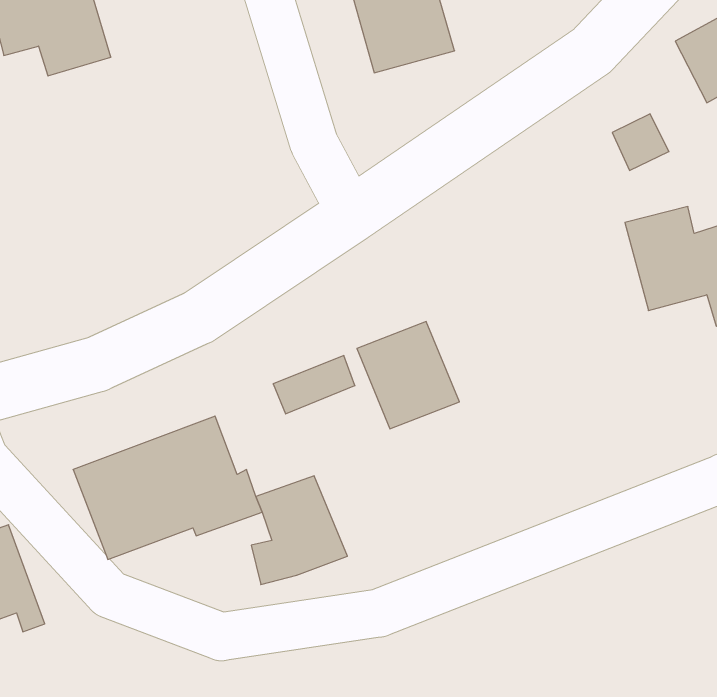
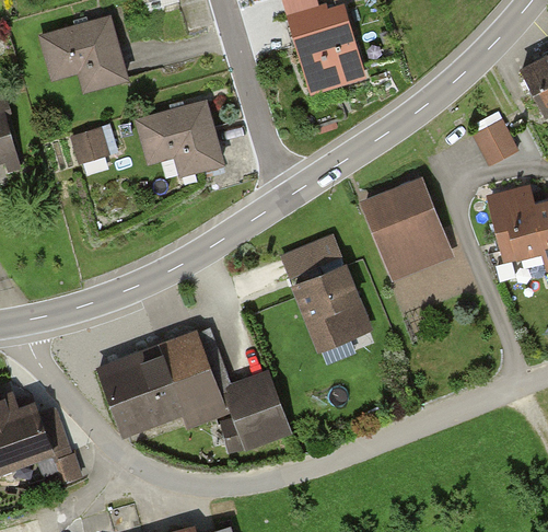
building: none -> [137,100,222,175]
building: none -> [69,127,110,162]
building: none -> [366,182,450,274]
building: [273,356,355,414] -> [283,235,340,276]

